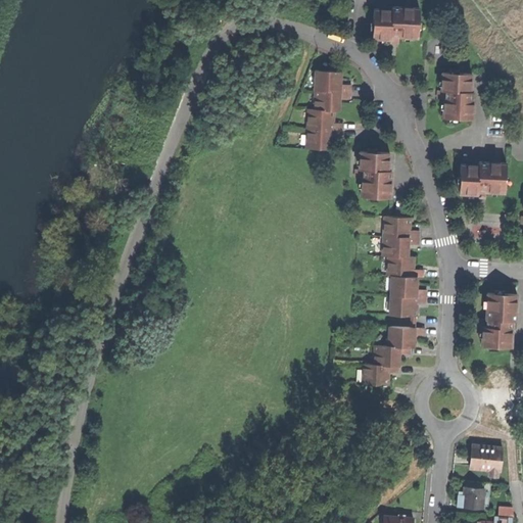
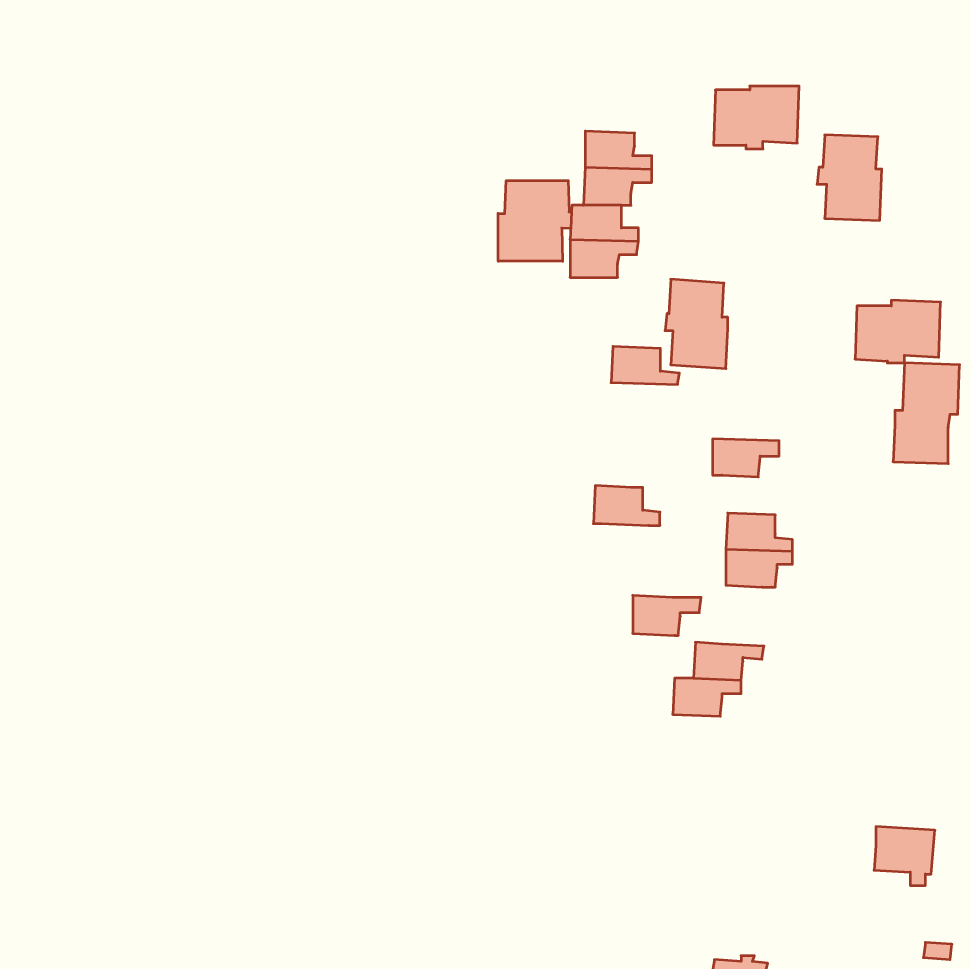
building: [373,8,419,42] -> [714,86,799,149]
building: none -> [498,181,571,261]
building: [383,218,420,238] -> [611,346,679,384]
building: [387,256,423,278] -> [593,486,660,525]
building: [481,294,517,348] -> [893,363,960,464]
building: [388,327,425,348] -> [633,595,701,635]
building: [457,481,489,510] -> none

